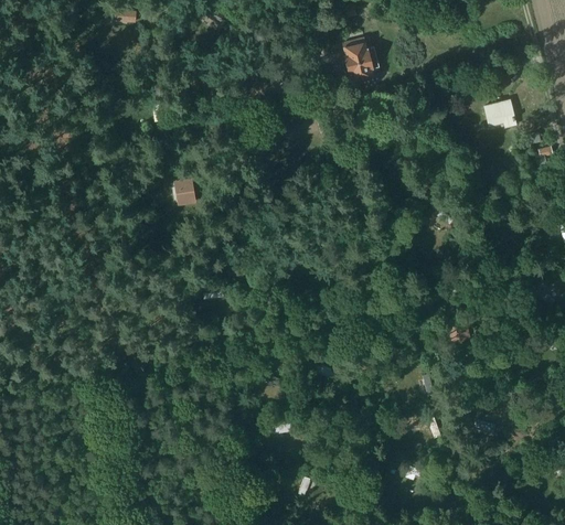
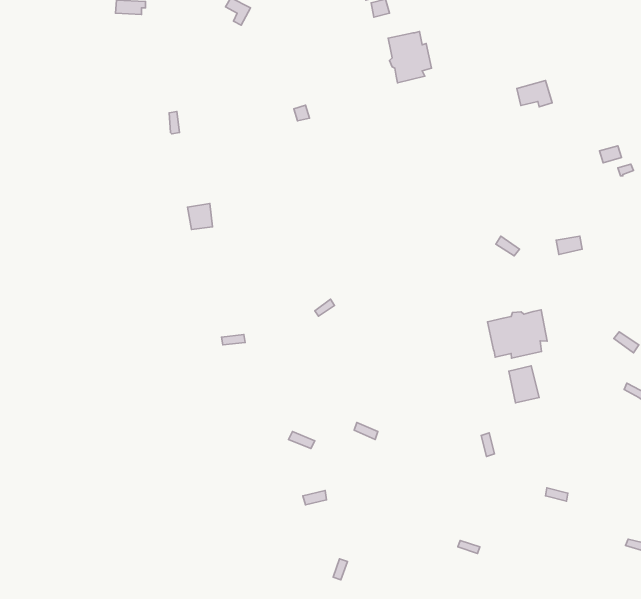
building: [484,99,514,121] -> [517,80,552,107]
building: none -> [487,310,547,358]

